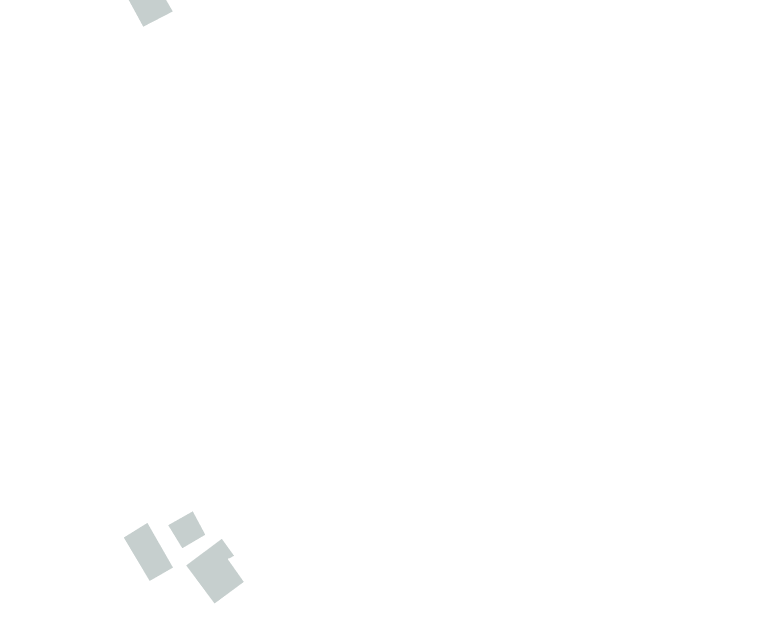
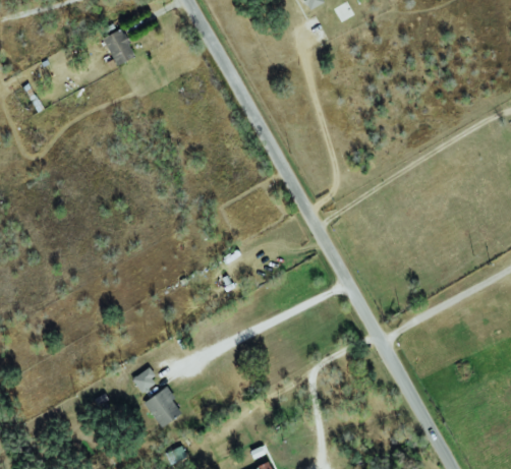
building: [123,522,174,582] -> none

